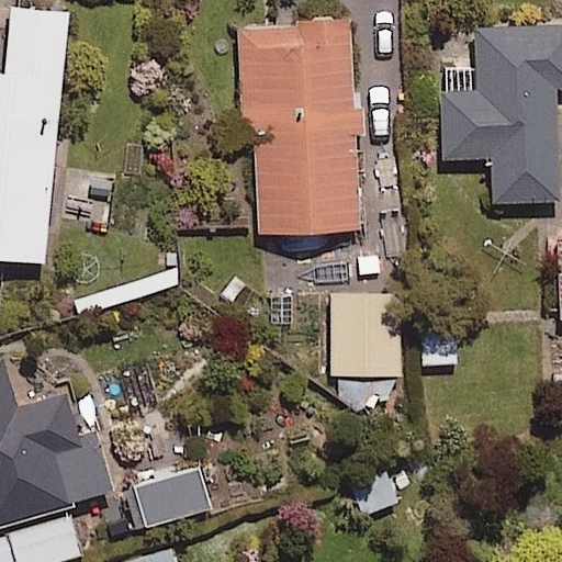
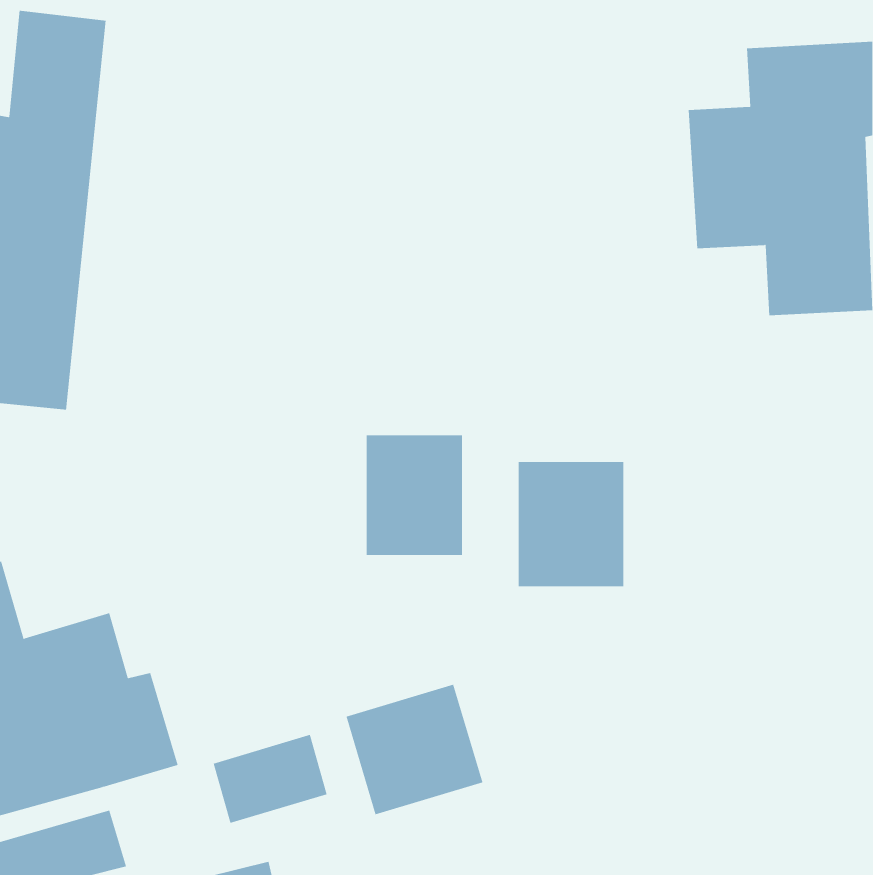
building: [237,22,360,235] -> none
building: none -> [366,435,463,556]
building: none -> [346,684,483,815]

